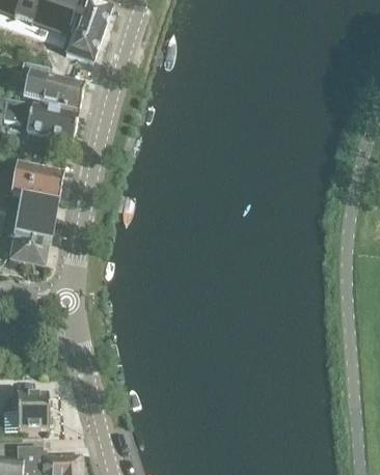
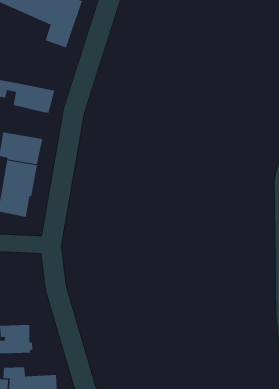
building: [20,61,85,109] -> none

